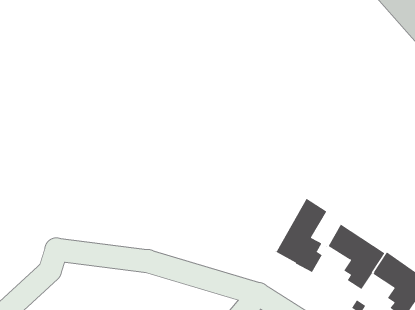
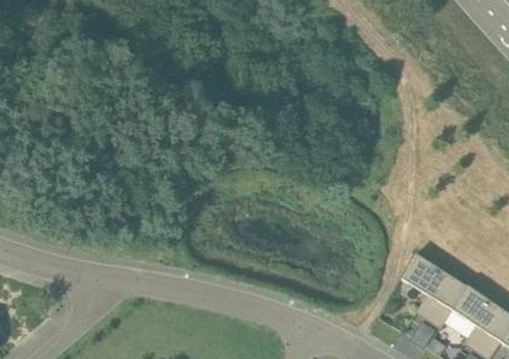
building: [274,198,328,273] -> none

